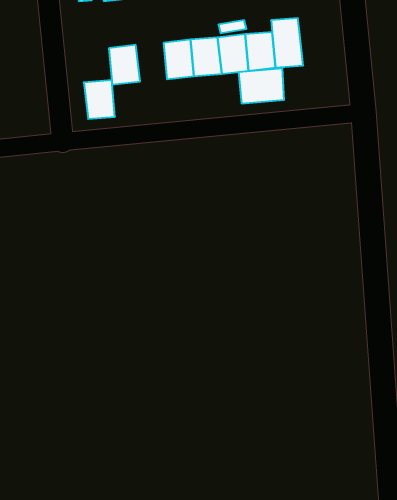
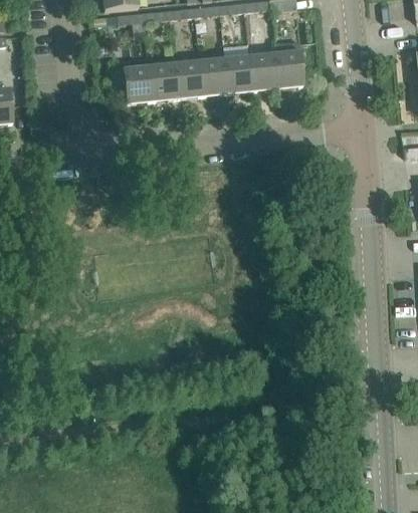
building: [239,68,284,104] -> none
building: [84,80,115,119] -> [148,63,177,99]

